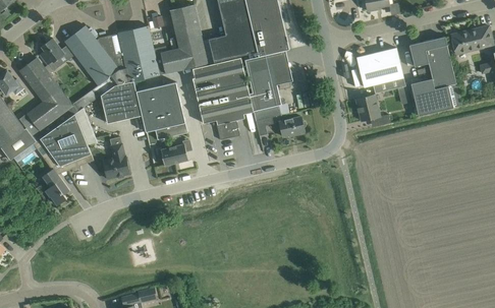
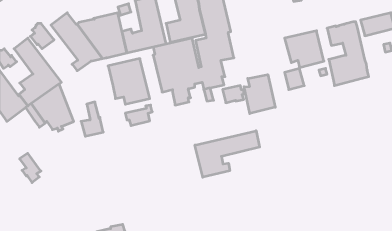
building: [97,81,142,123] -> none
building: none -> [244,75,275,114]
building: [42,169,68,205] -> [20,153,41,183]
building: none -> [195,131,260,177]

